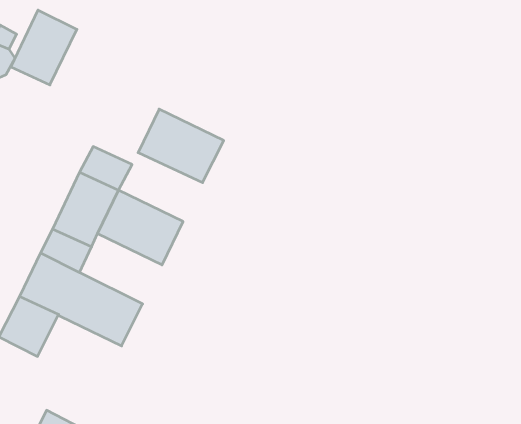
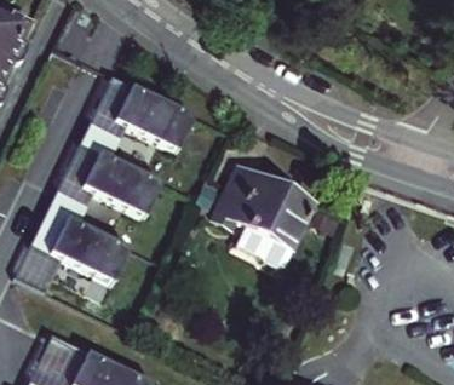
building: [11,10,77,85] -> [92,74,145,134]
building: none -> [214,166,315,266]

